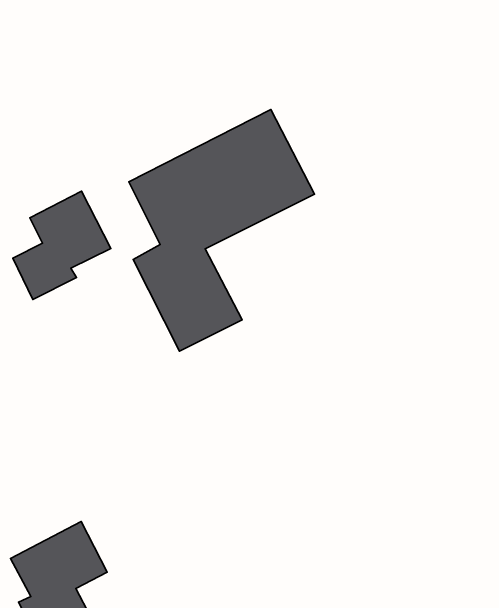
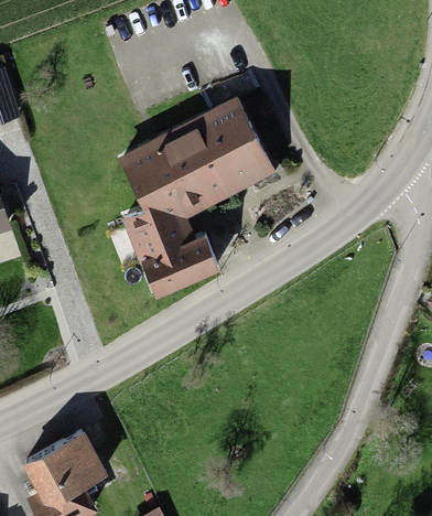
building: [13,191,111,300] -> none

